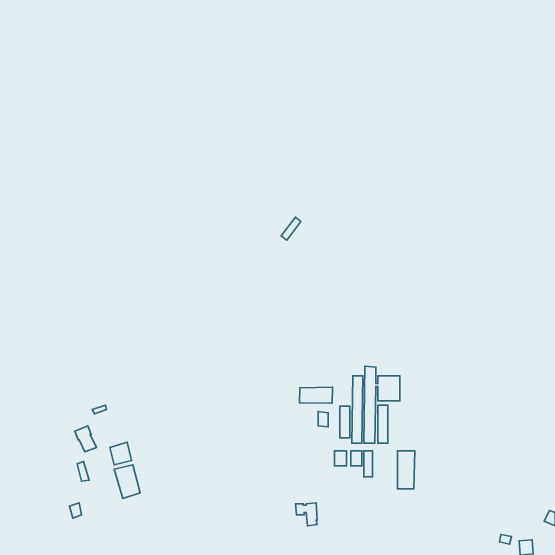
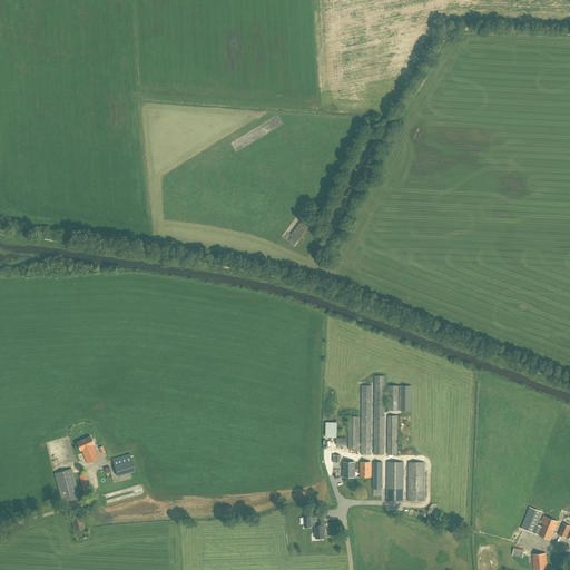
building: [300,387,332,403] -> none
building: none -> [386,462,404,501]
building: [114,465,140,498] -> [53,469,80,503]
building: none -> [521,507,559,540]

